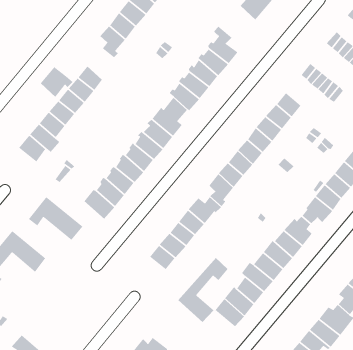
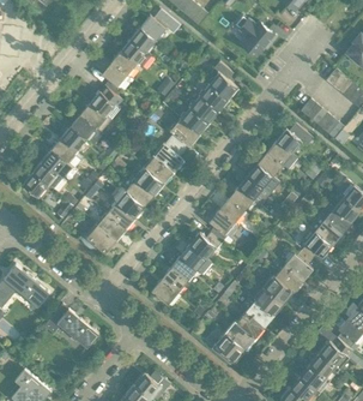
building: [40,66,74,98] -> [89,85,122,116]
building: [28,196,84,241] -> [43,304,98,348]
building: [178,257,229,323] -> none

